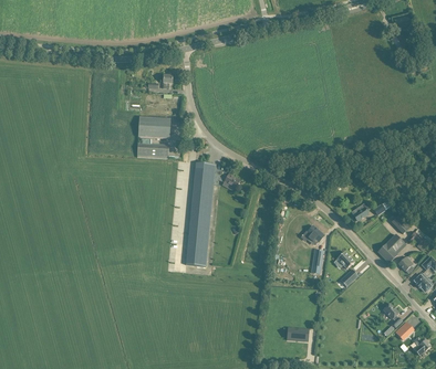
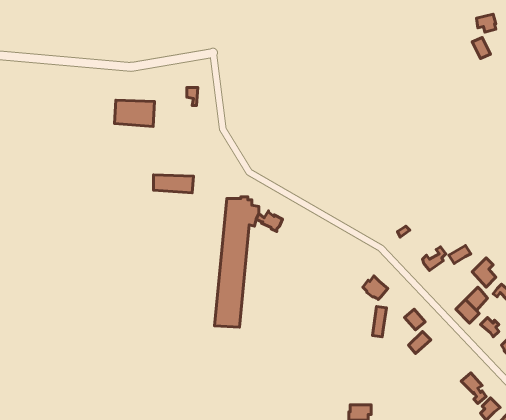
building: [137,116,169,137] -> [114,100,155,126]

